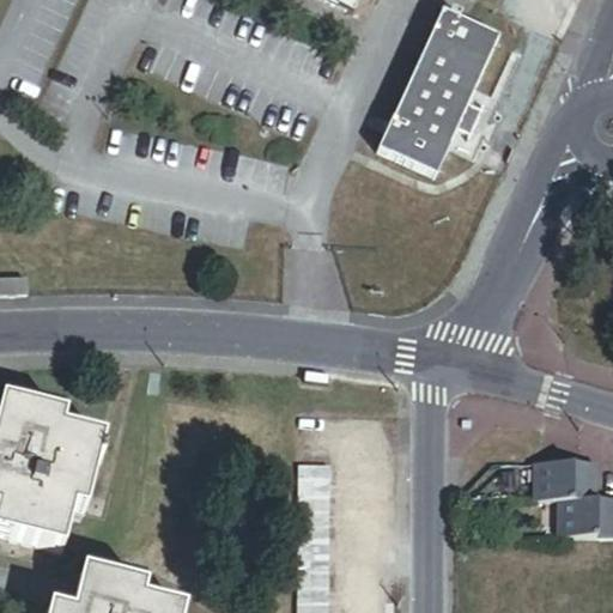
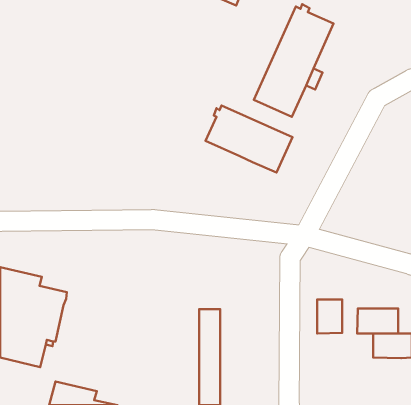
building: none -> [206,105,293,173]
building: none -> [317,300,342,333]

